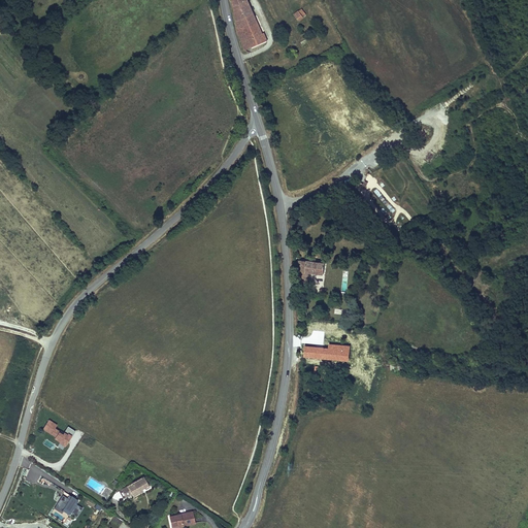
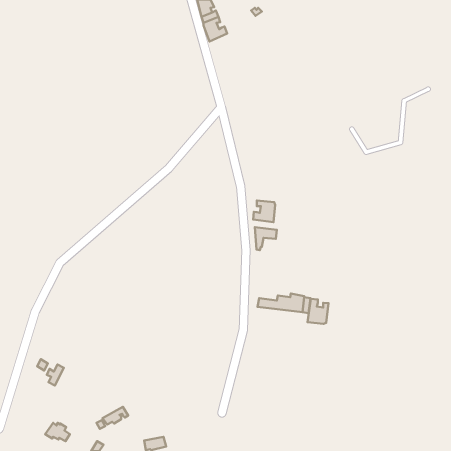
building: none -> [253,201,275,222]
building: none -> [307,299,328,324]

